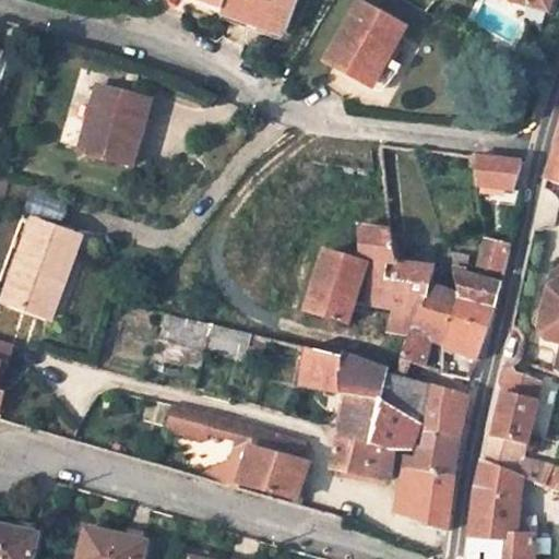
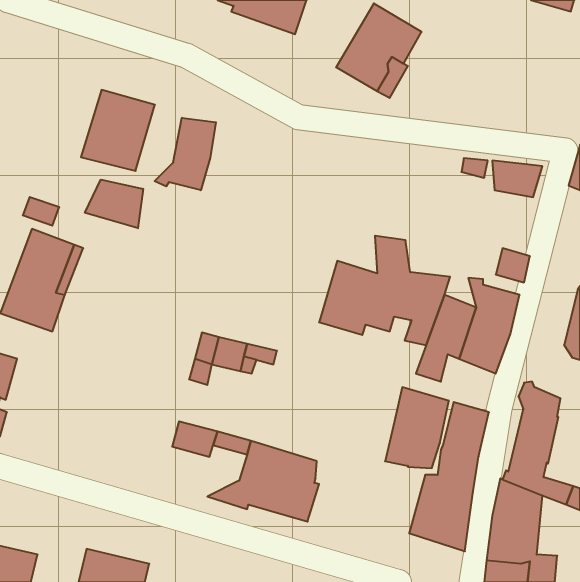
building: none -> [155,118,216,190]
building: none -> [85,180,143,228]
building: [296,346,391,479] -> none

